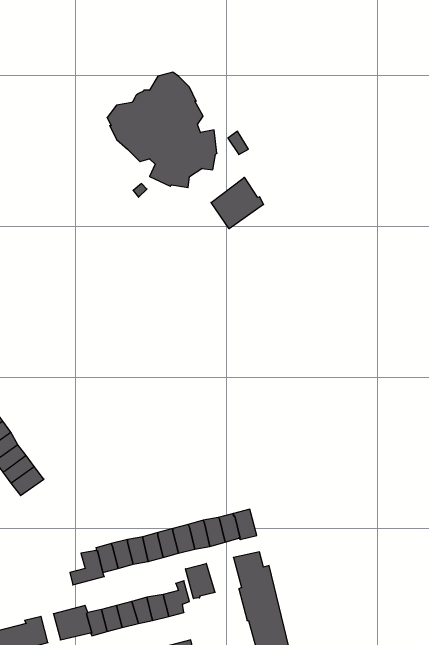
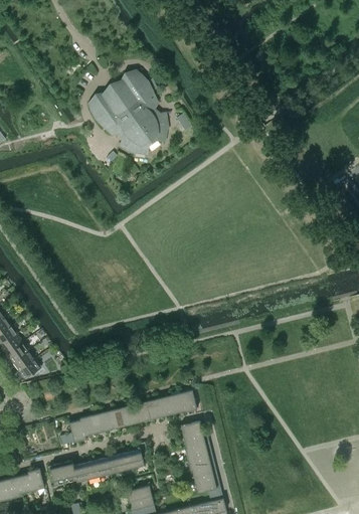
building: [211,177,264,229] -> none
building: [186,563,215,599] -> none

